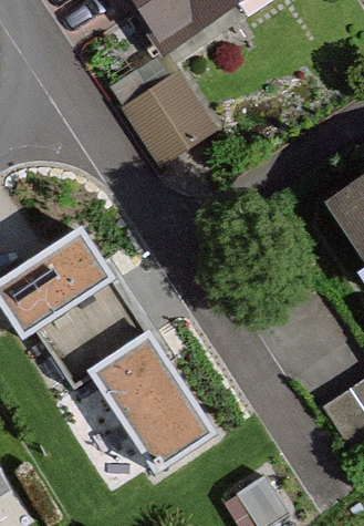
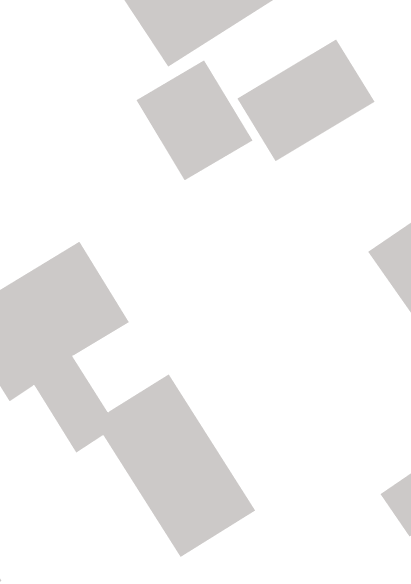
building: none -> [236,38,376,162]

